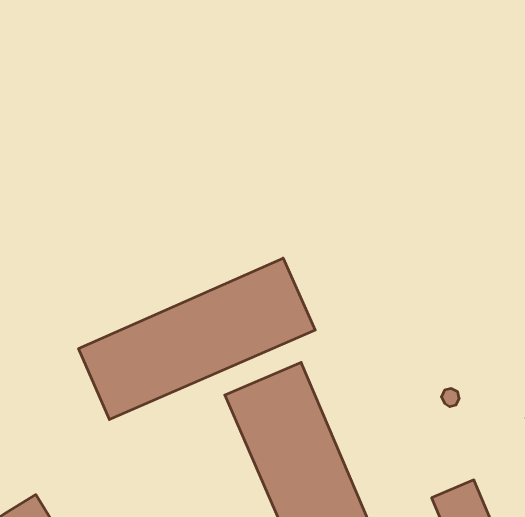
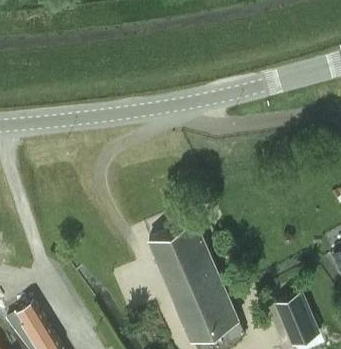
building: [79,258,315,420] -> none

